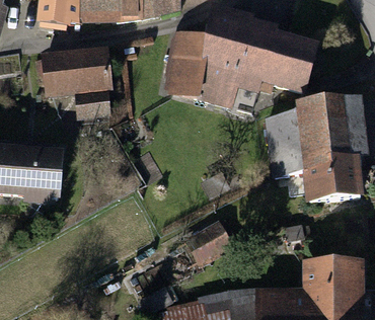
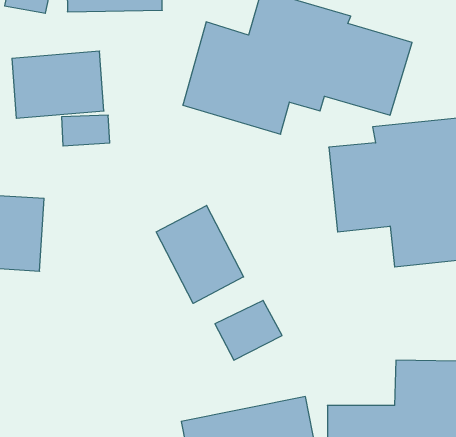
building: none -> [156,205,244,303]

